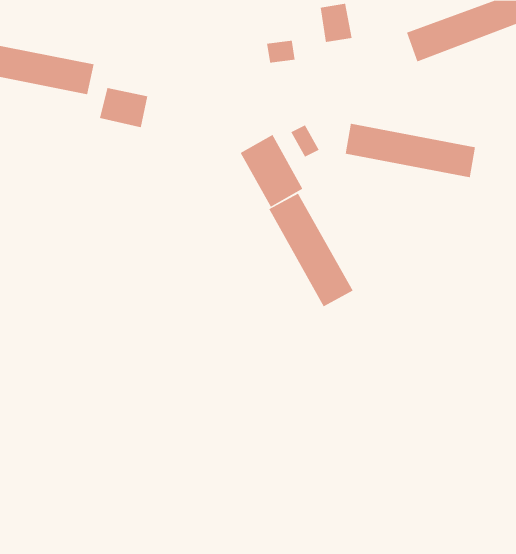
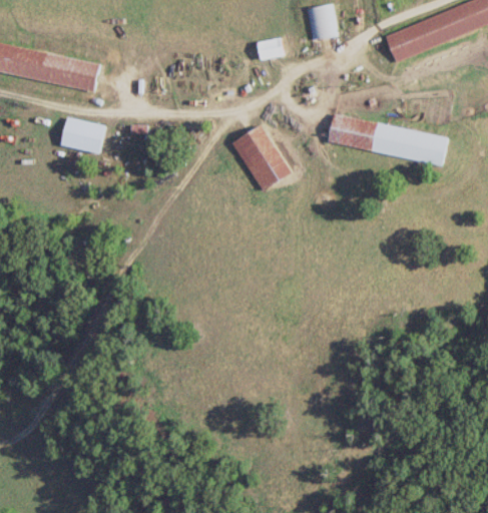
building: [99,87,148,128] -> [60,118,105,155]
building: [290,125,319,157] -> none
building: [269,193,353,307] -> none

